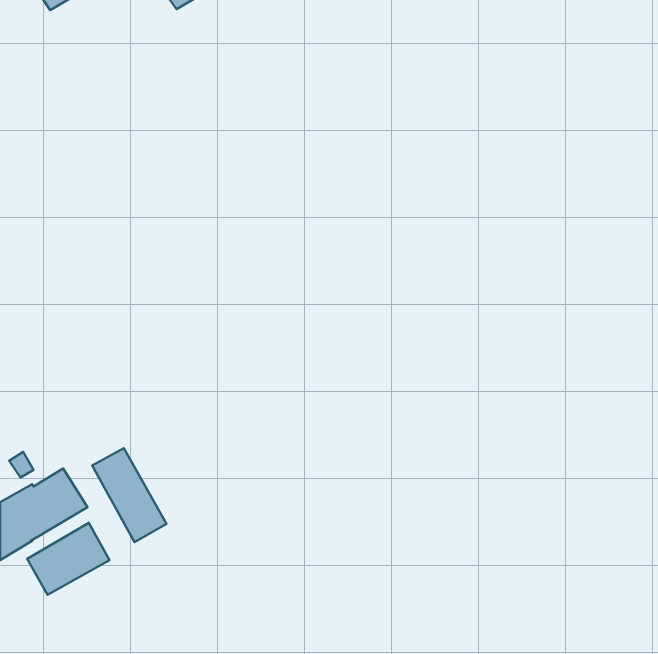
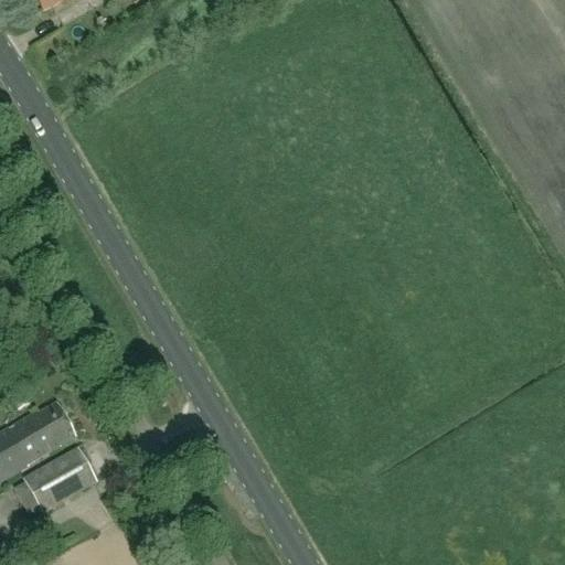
building: [92,448,166,542] -> none

